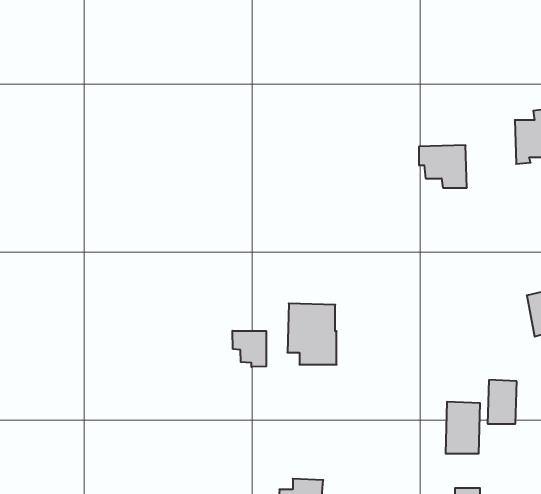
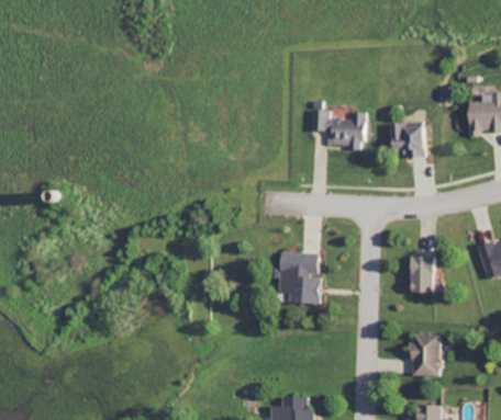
building: none -> [309,109,365,147]
building: [232,331,266,367] -> none
building: [488,380,517,424] -> [412,254,436,291]

